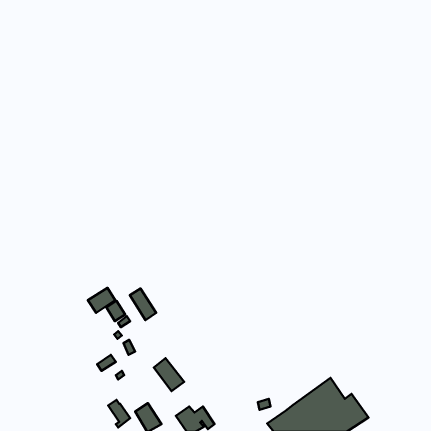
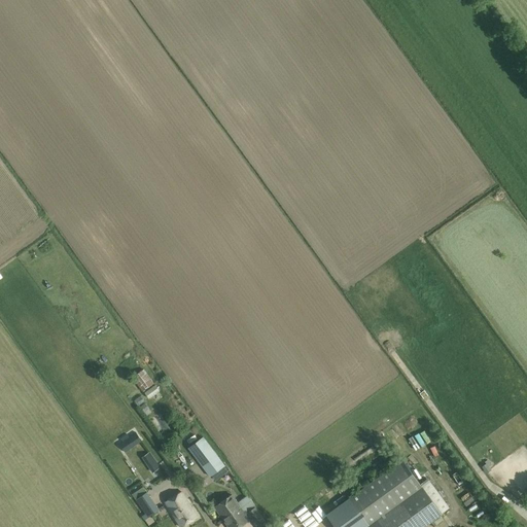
building: [88,288,115,313] -> none
building: [130,289,156,320] -> none

